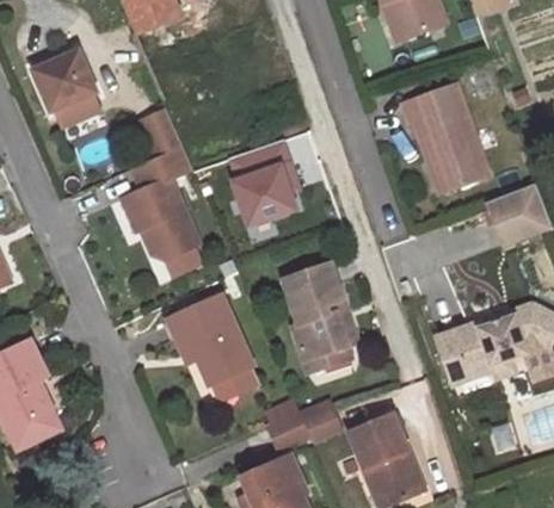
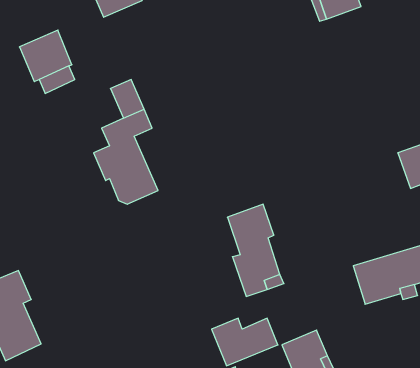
building: [408,85,487,191] -> none
building: [224,143,303,225] -> none
building: [170,296,253,388] -> none

